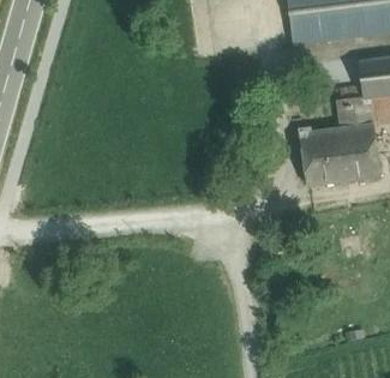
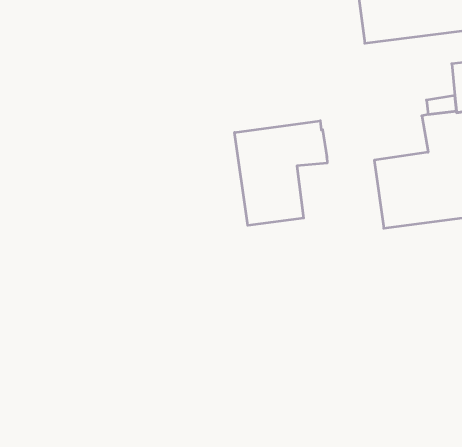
building: none -> [235,121,327,225]

